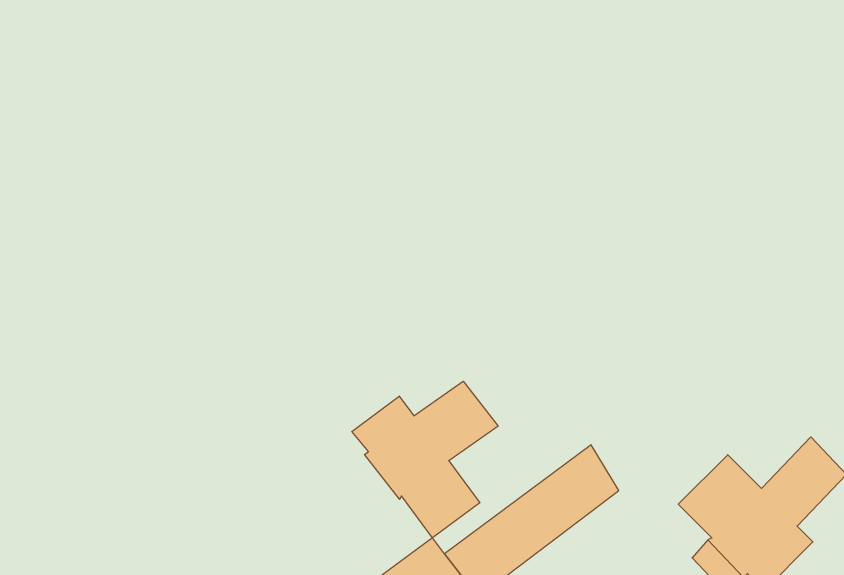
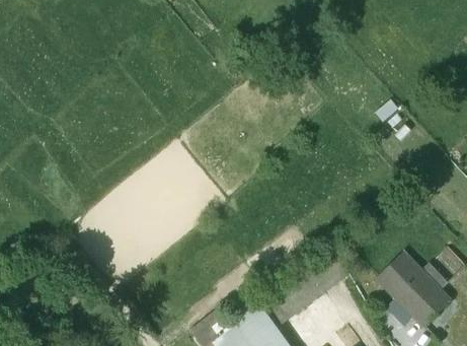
building: [352,381,498,538] -> none

